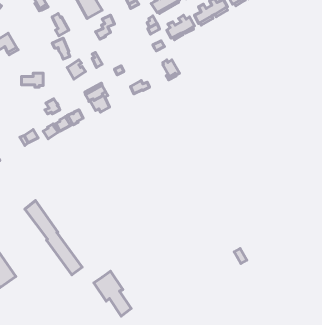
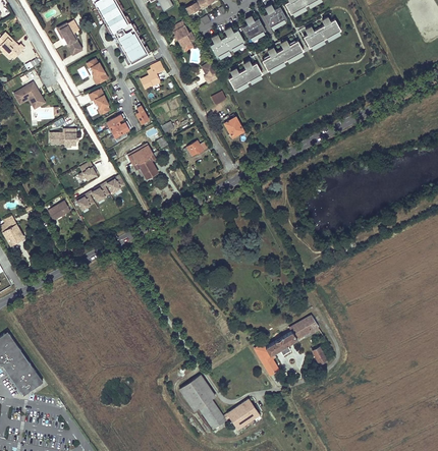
building: [25,200,82,275] -> none
building: none -> [254,316,318,376]
building: [94,271,131,316] -> [179,374,225,429]
building: none -> [227,398,259,429]

